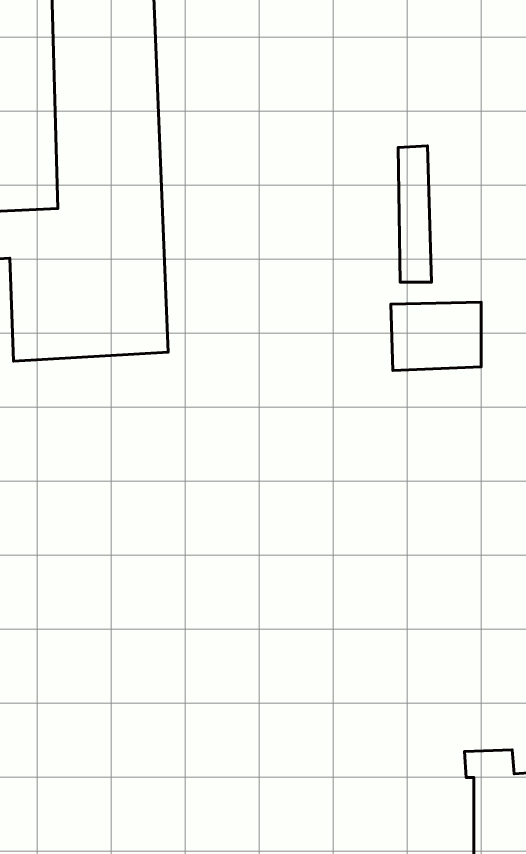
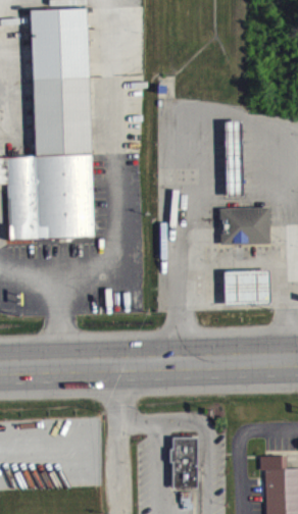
building: none -> [222,270,268,305]
building: none -> [169,435,197,487]

